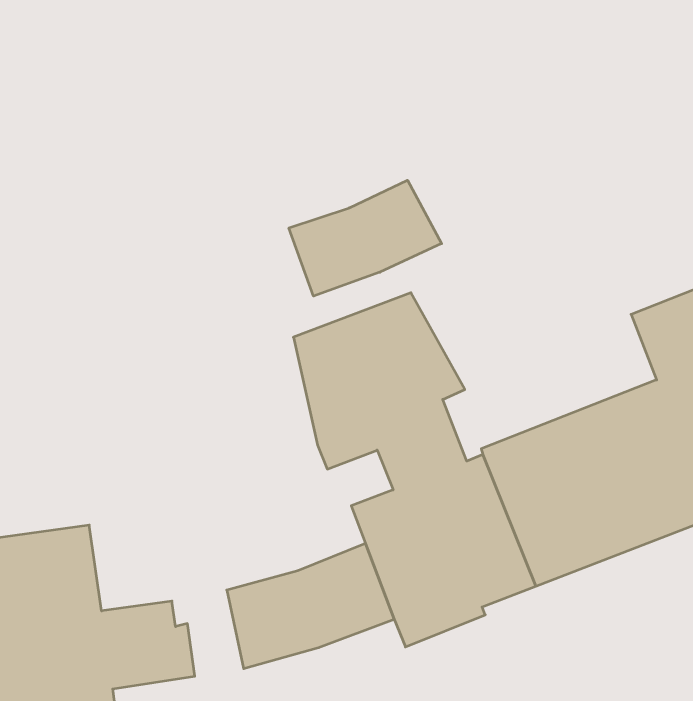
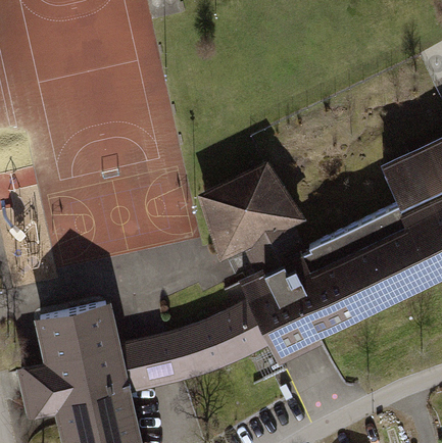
building: [289,180,442,296] -> none
building: none -> [151,334,192,381]

